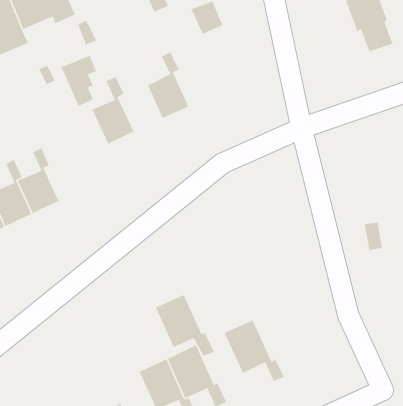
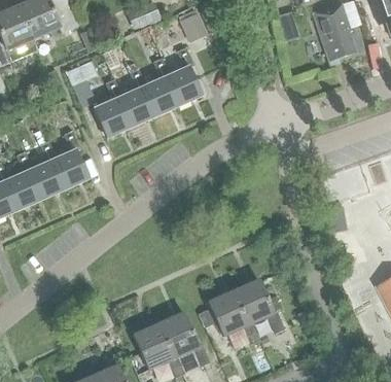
building: none -> [164,46,201,105]
building: none -> [115,68,153,127]
building: none -> [50,130,87,187]
building: [155,294,215,357] -> [233,279,285,334]

